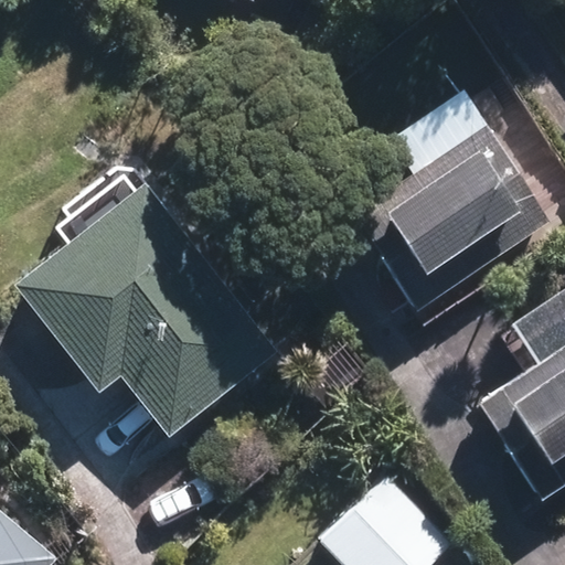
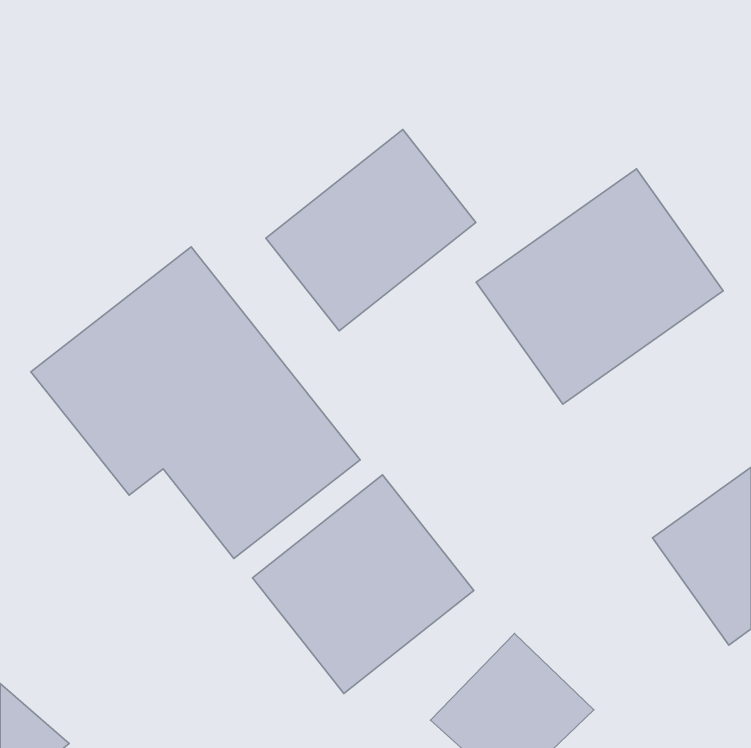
building: none -> [266,130,476,331]
building: none -> [252,475,474,694]

